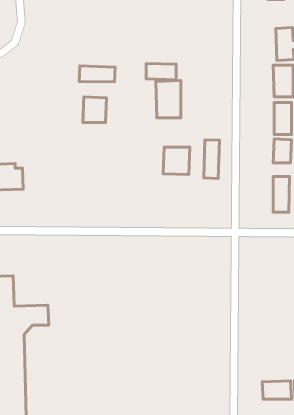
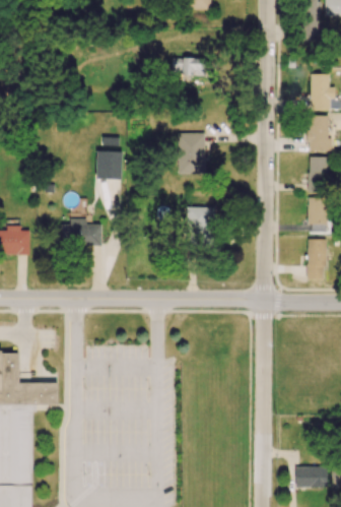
building: [146,63,176,80] -> [172,58,205,76]
building: [79,66,115,82] -> none
building: [204,140,220,178] -> none
building: none -> [61,219,101,245]

